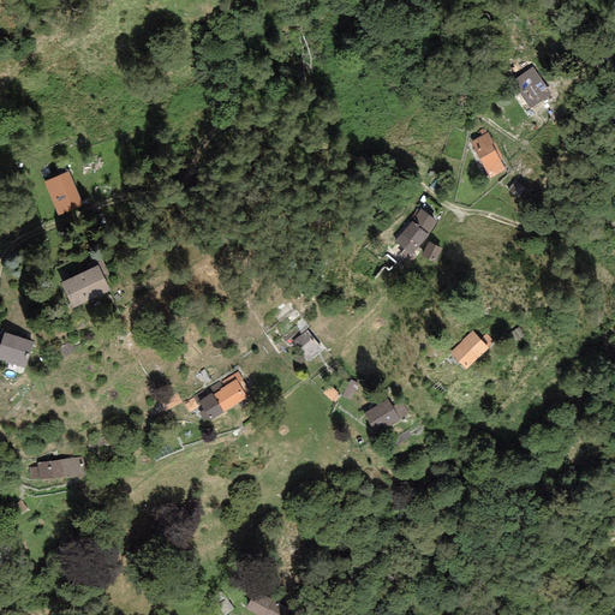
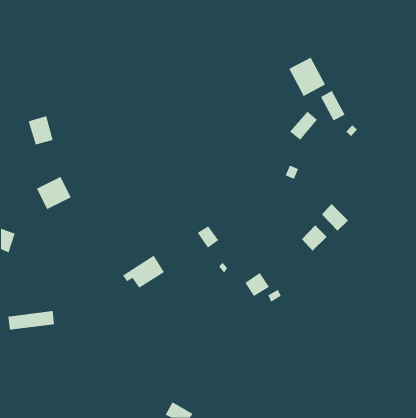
building: [514,67,549,101] -> none
building: none -> [288,57,326,97]
building: [396,209,438,252] -> [289,111,318,140]
building: none -> [321,203,349,232]

